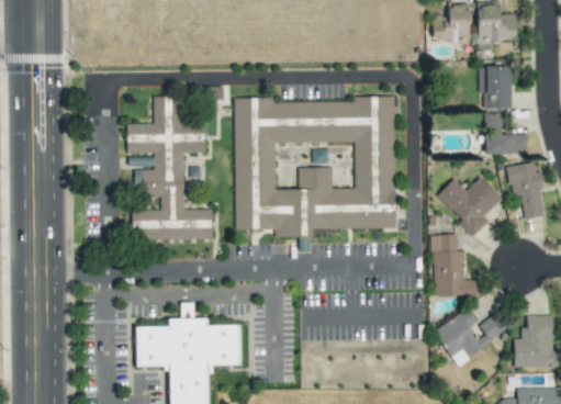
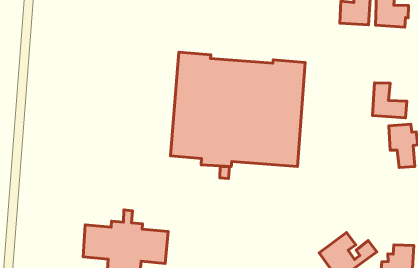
building: [479,66,513,110] -> none
building: [127,97,213,240] -> none
building: [436,176,503,235] -> none
building: [433,235,478,296] -> none

